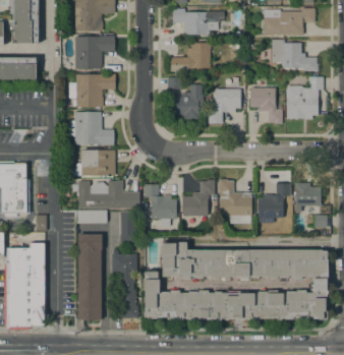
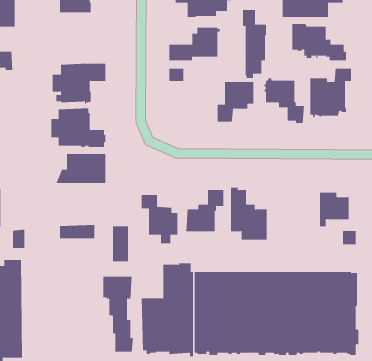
building: none -> [242,9,267,79]
building: [74,36,114,68] -> none
building: [173,83,204,117] -> none
building: [78,180,139,208] -> none
building: [257,183,290,222] -> none
building: [78,234,102,319] -> none

